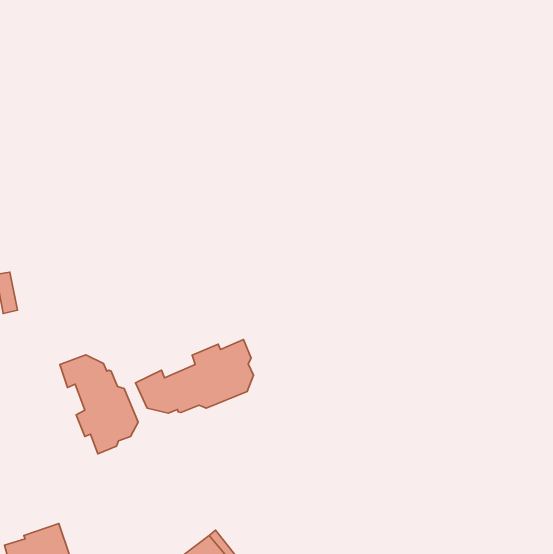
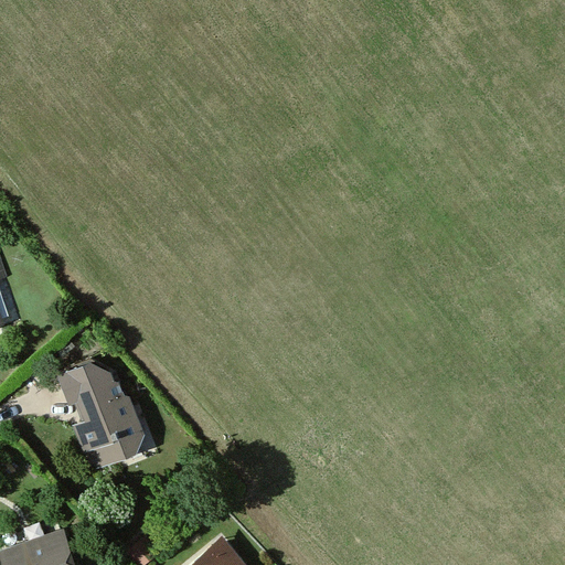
building: [135,340,254,413] -> none

